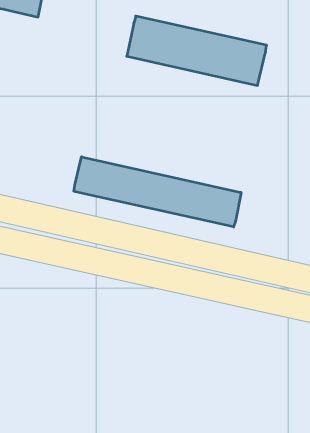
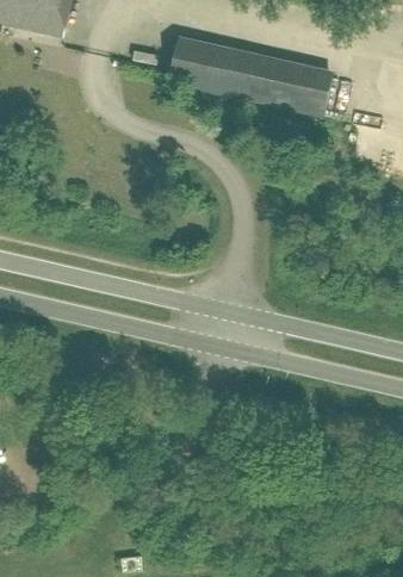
building: [74,157,241,227] -> none

